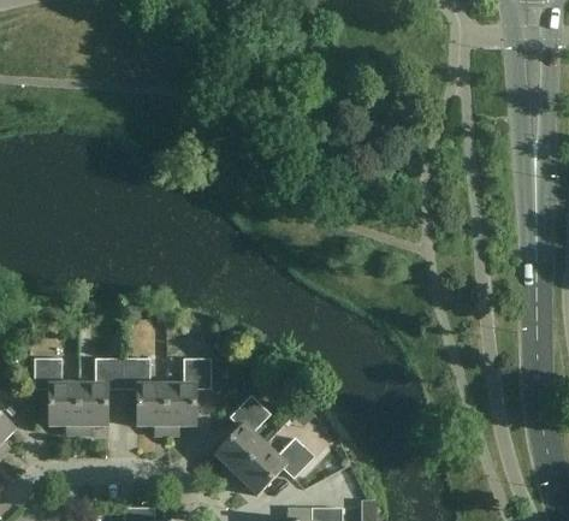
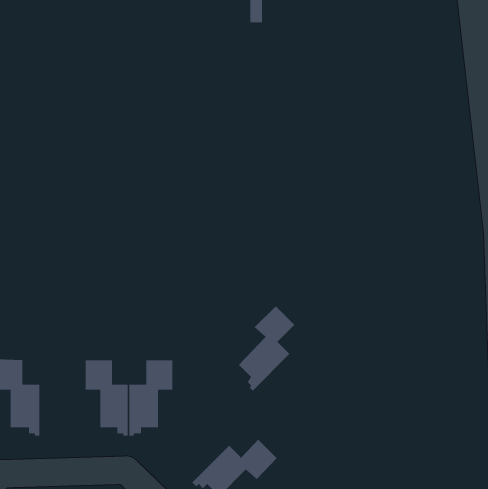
building: [78,359,123,434] -> none
building: [214,395,271,480] -> [238,305,295,392]

